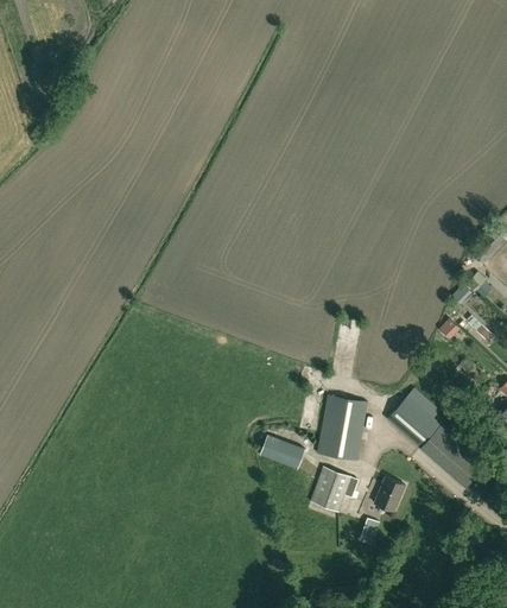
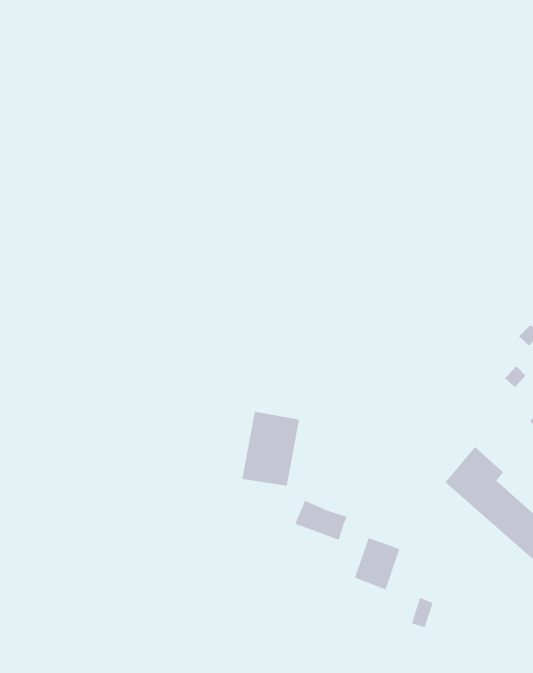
building: [318,395,368,460] -> [242,411,300,486]
building: [374,477,405,512] -> none

